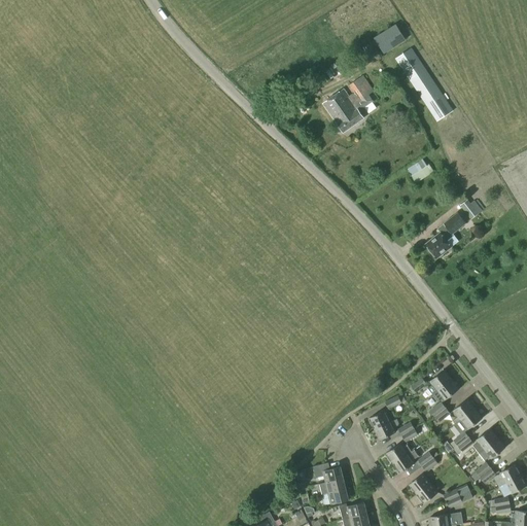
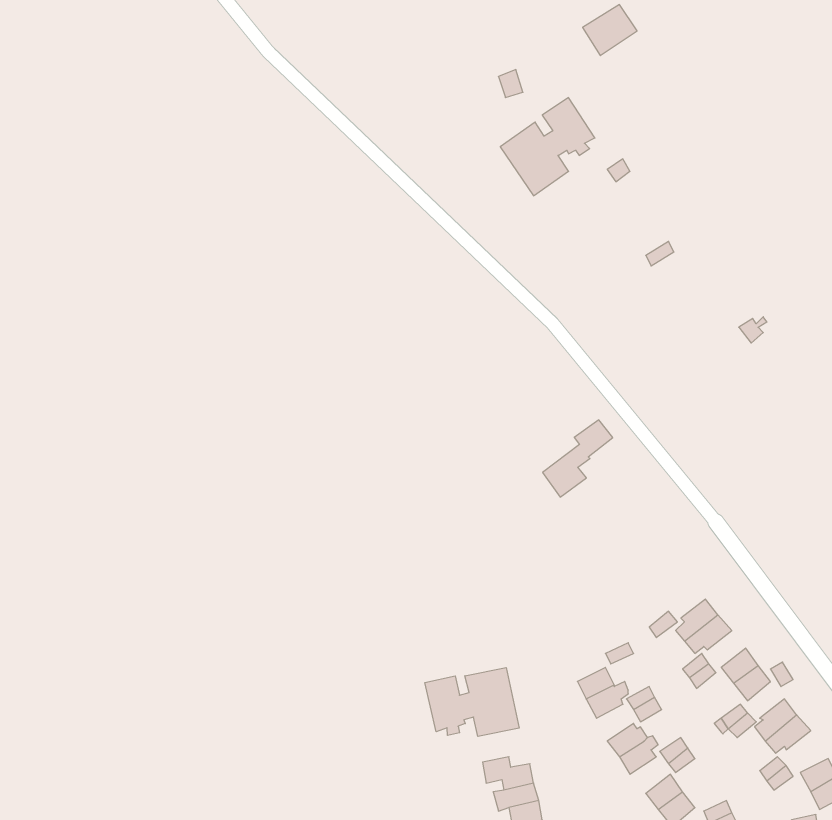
building: [395,47,453,121] -> none
building: [425,213,466,258] -> [543,420,613,497]
building: none -> [425,668,519,736]

